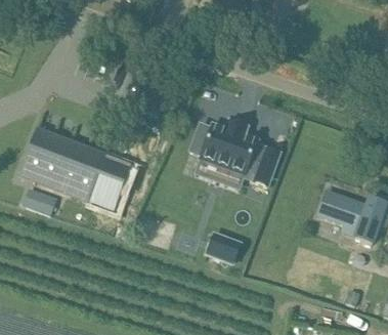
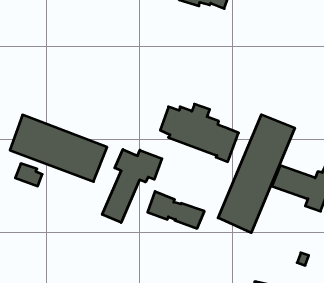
building: none -> [218,115,295,233]
building: none -> [102,149,162,223]

